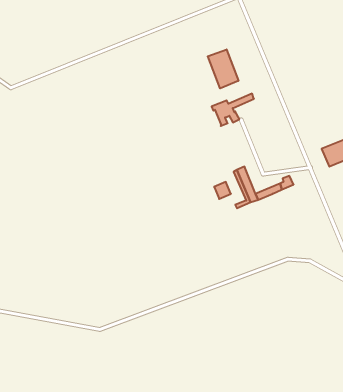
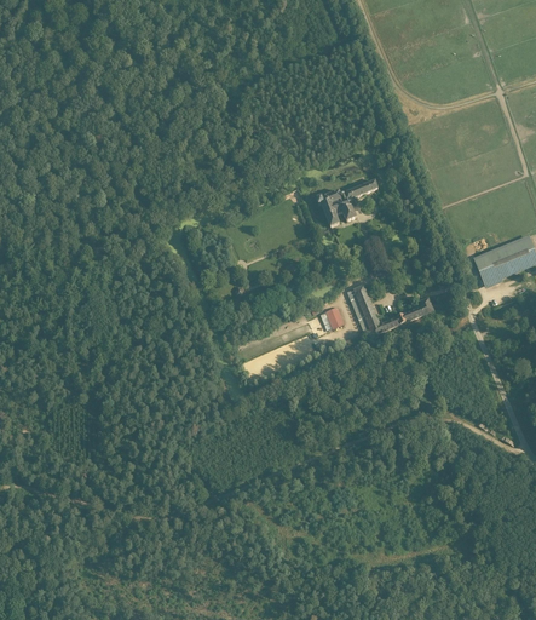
building: [208,49,238,88] -> none

